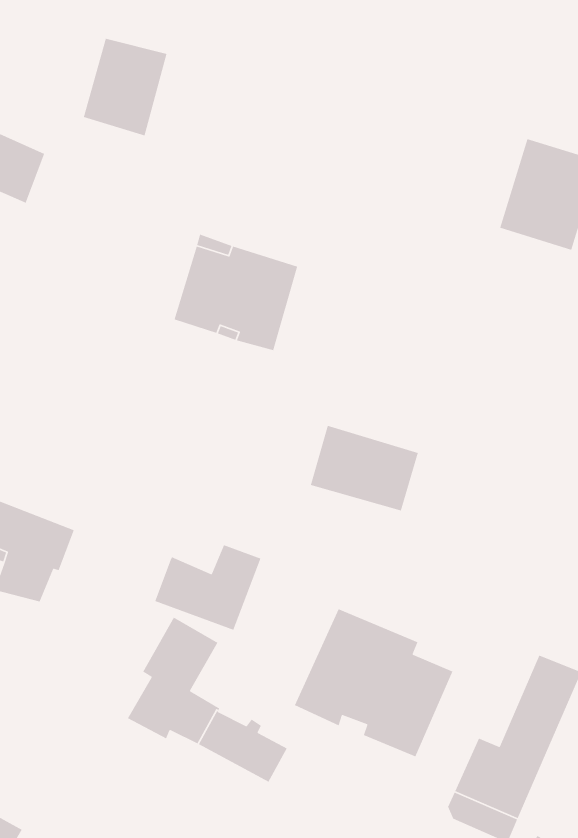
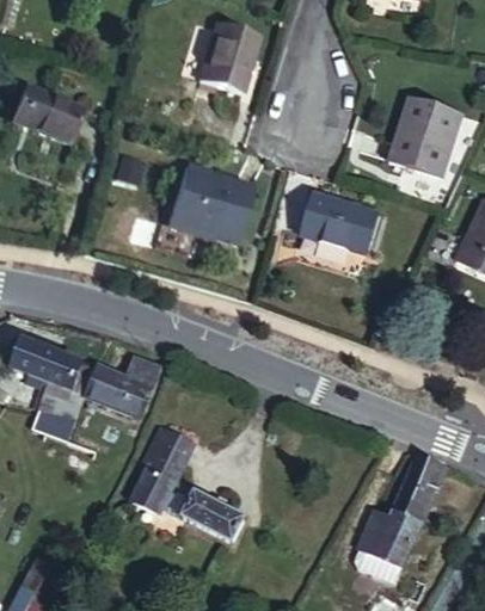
building: [83,38,168,137] -> [199,23,258,91]
building: [310,425,419,512] -> [302,193,377,253]
building: [154,544,262,631] -> [87,357,161,416]
building: [294,608,453,758] -> none

